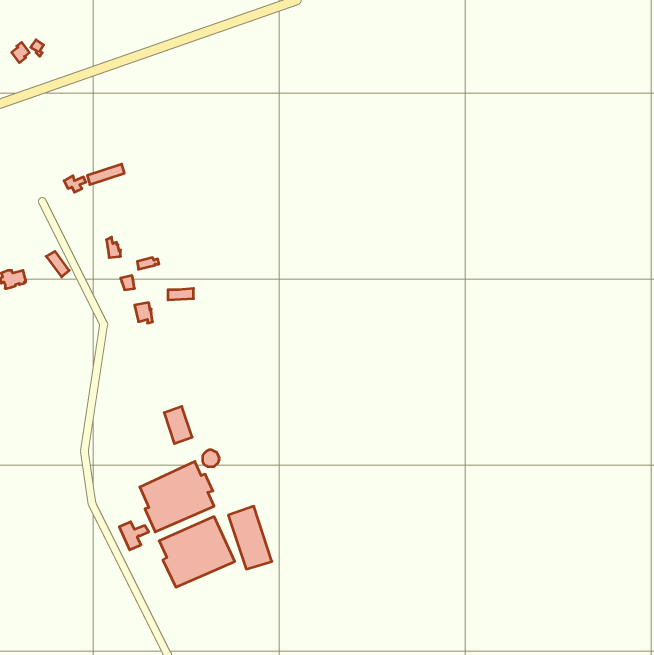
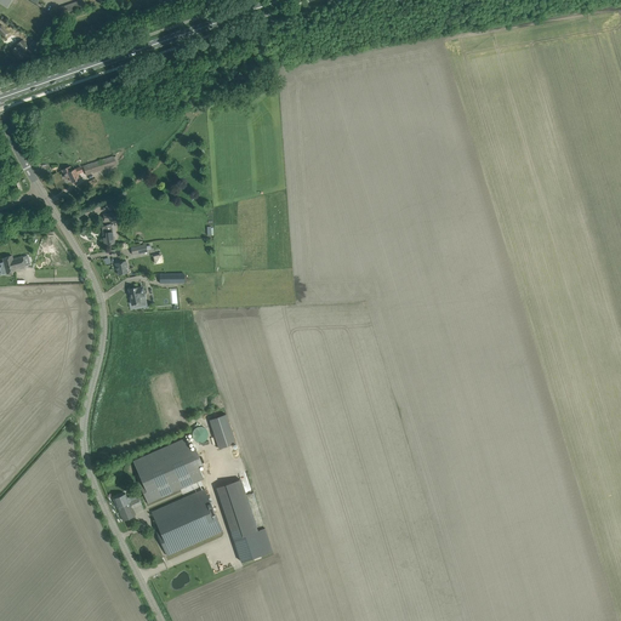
building: [164,406,192,444] -> [209,414,235,449]
building: none -> [233,529,270,562]

